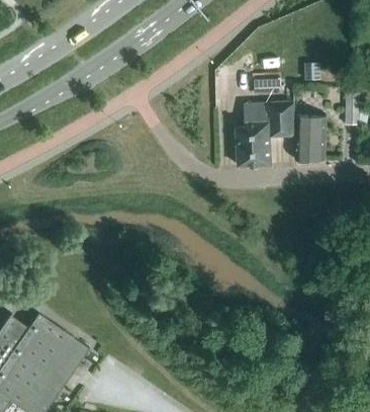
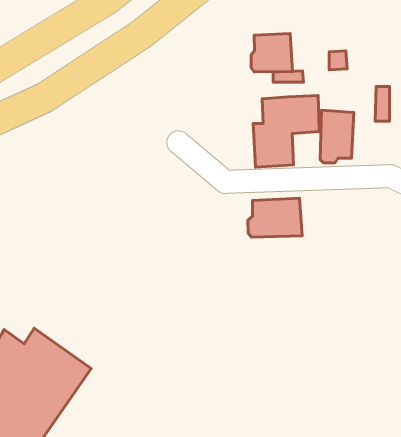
building: none -> [251,33,293,72]
building: none -> [248,198,302,237]

